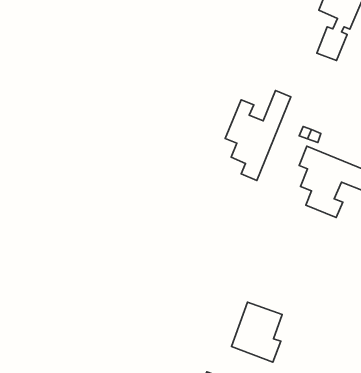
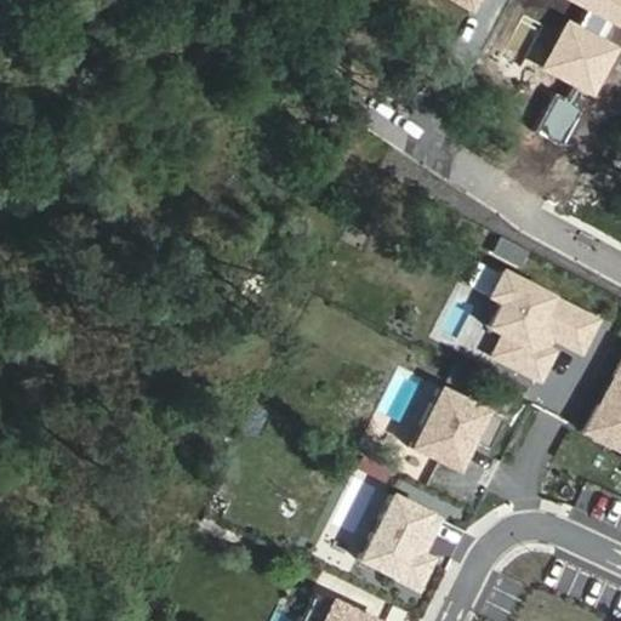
building: [225,91,291,181] -> none
building: none -> [412,387,506,469]

